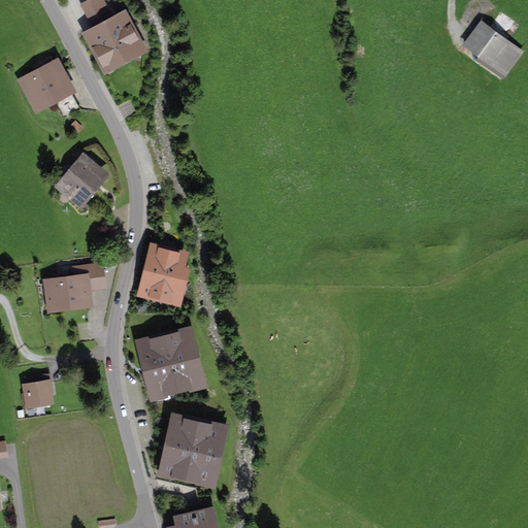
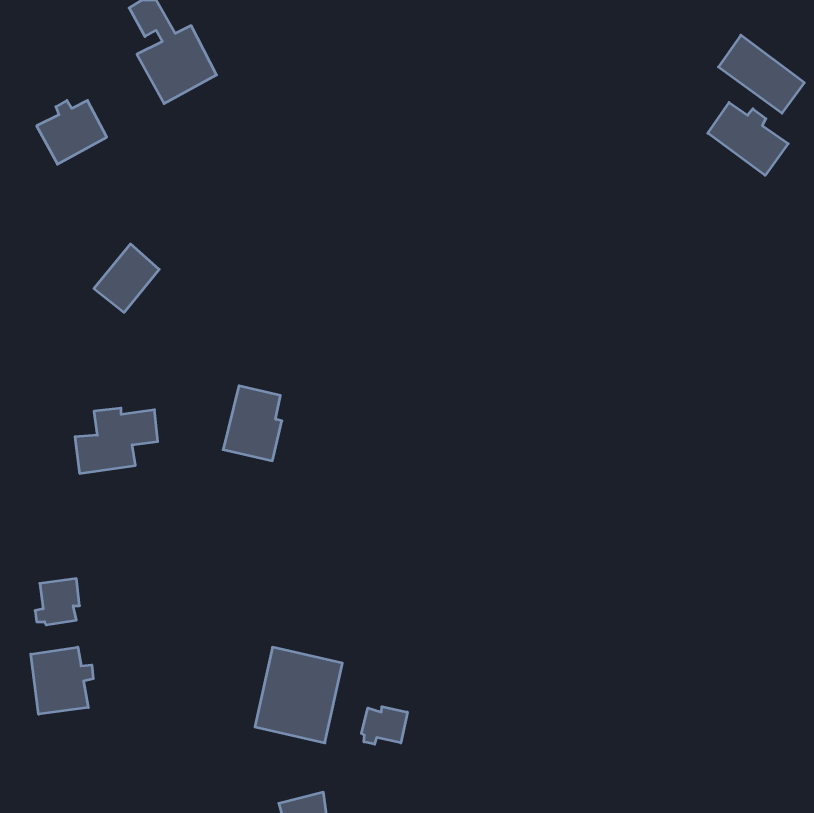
building: none -> [708,102,788,175]
building: [142,333,200,395] -> none
building: none -> [31,647,93,714]
building: none -> [361,707,407,744]

